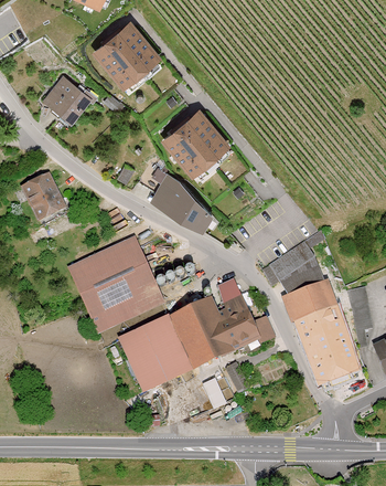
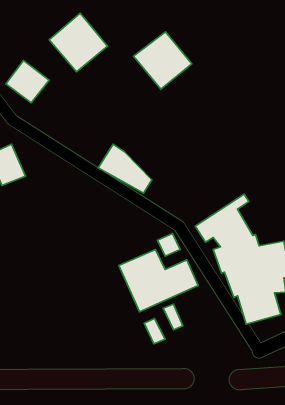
building: [161,108,229,176] -> [133,32,192,89]
building: [67,237,164,335] -> none
building: [120,315,197,392] -> none

